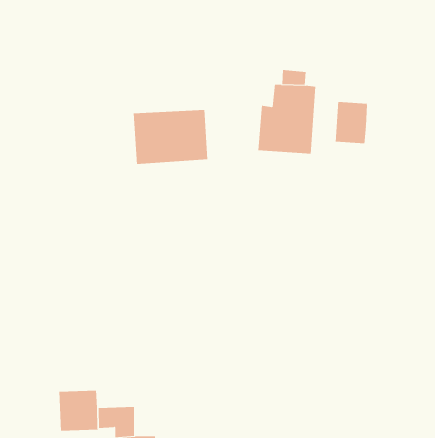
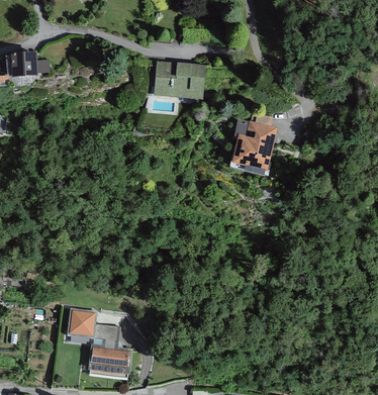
building: [335,101,368,144] -> none
building: [133,109,208,164] -> [154,61,206,100]

